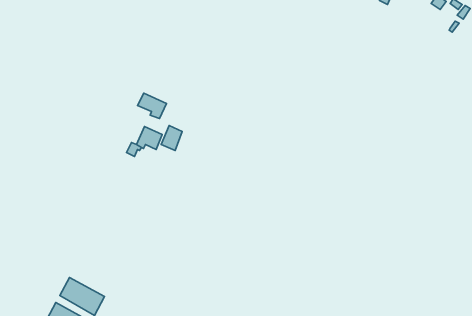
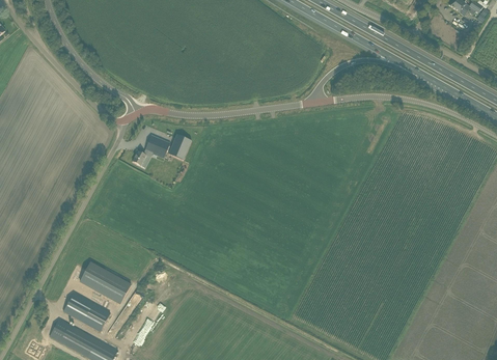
building: [137,93,166,119] -> none
building: none -> [80,261,132,303]

